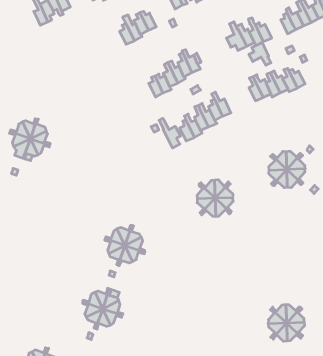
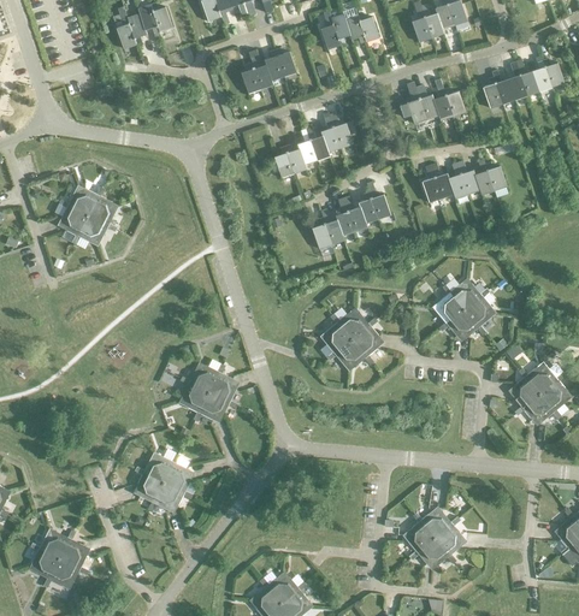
building: [249,43,271,65] -> none
building: [159,118,180,148] -> none

